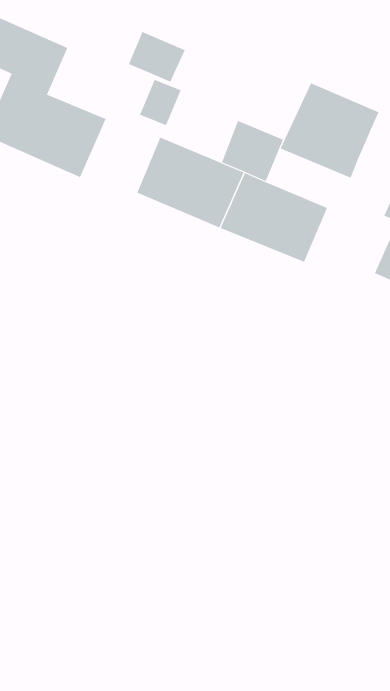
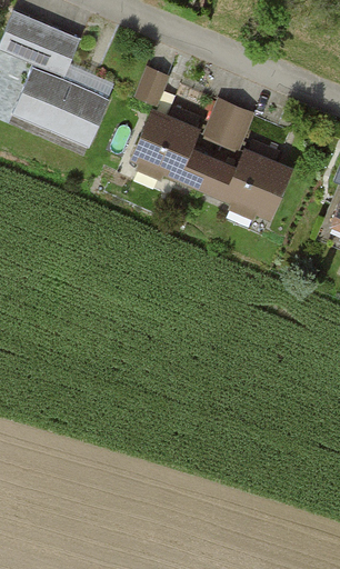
building: [128,31,186,82] -> none
building: [280,83,379,179] -> none

